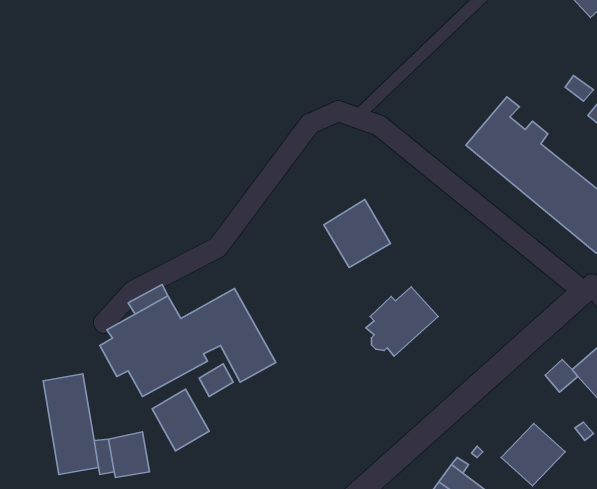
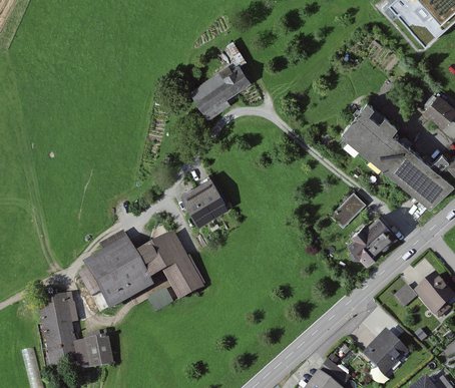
building: none -> [190,60,251,117]
building: [324,199,390,268] -> [181,177,229,226]
building: none -> [331,191,367,227]
building: [366,287,438,356] -> [347,215,398,264]
building: [152,389,209,451] -> none

